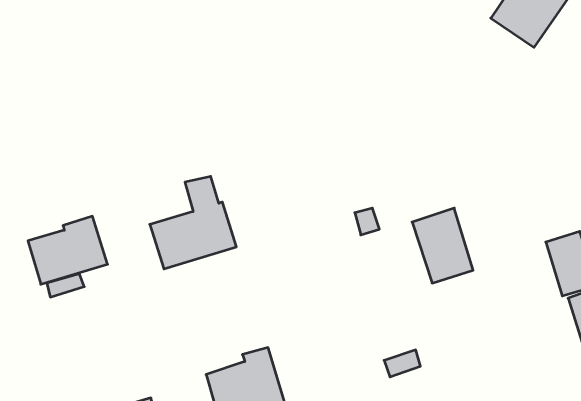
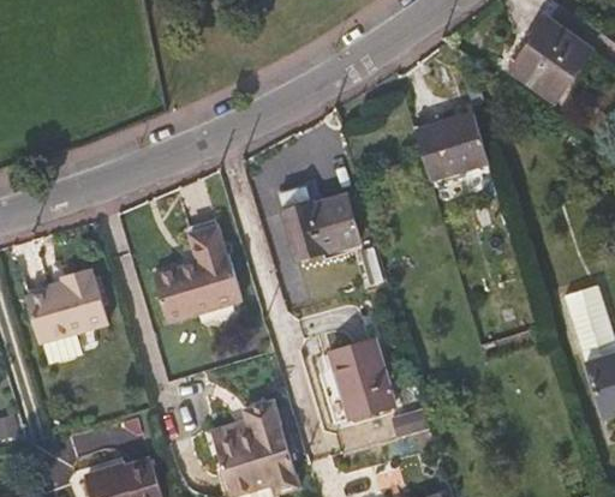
building: none -> [414,114,489,179]
building: none -> [275,186,359,261]
building: [412,208,473,283] -> [329,343,392,420]

